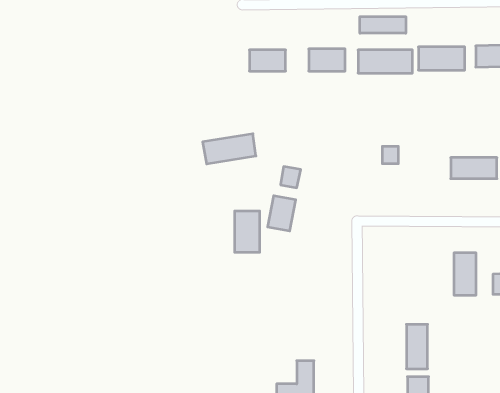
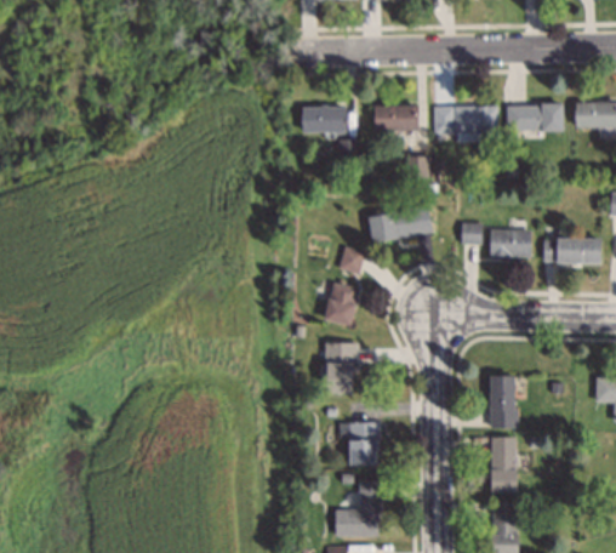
building: [360,17,406,33] -> none
building: [203,134,256,164] -> [367,206,432,243]
building: none -> [489,230,531,256]
building: [235,211,260,252] -> [325,342,355,392]
building: [454,253,476,295] -> [489,376,515,427]
building: none -> [348,423,380,464]

